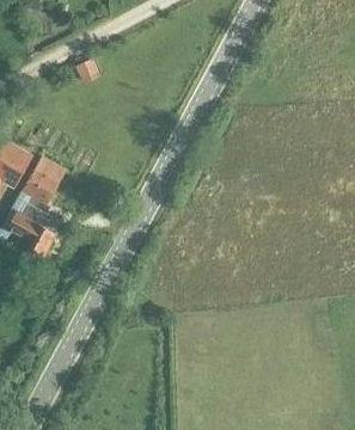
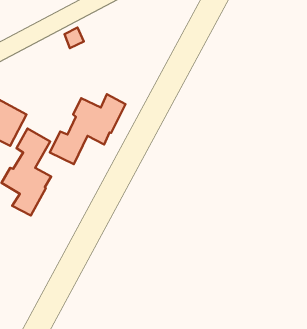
building: none -> [50,94,126,164]

